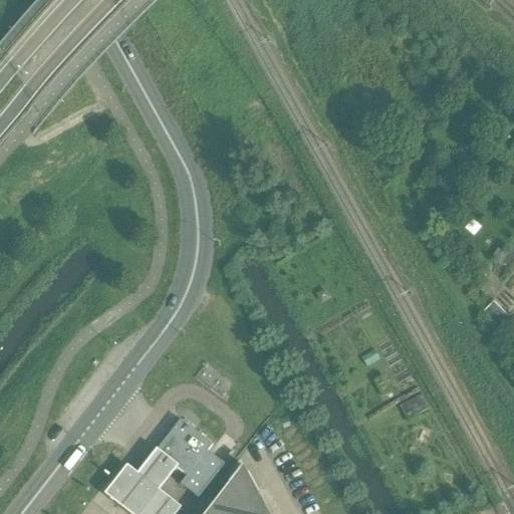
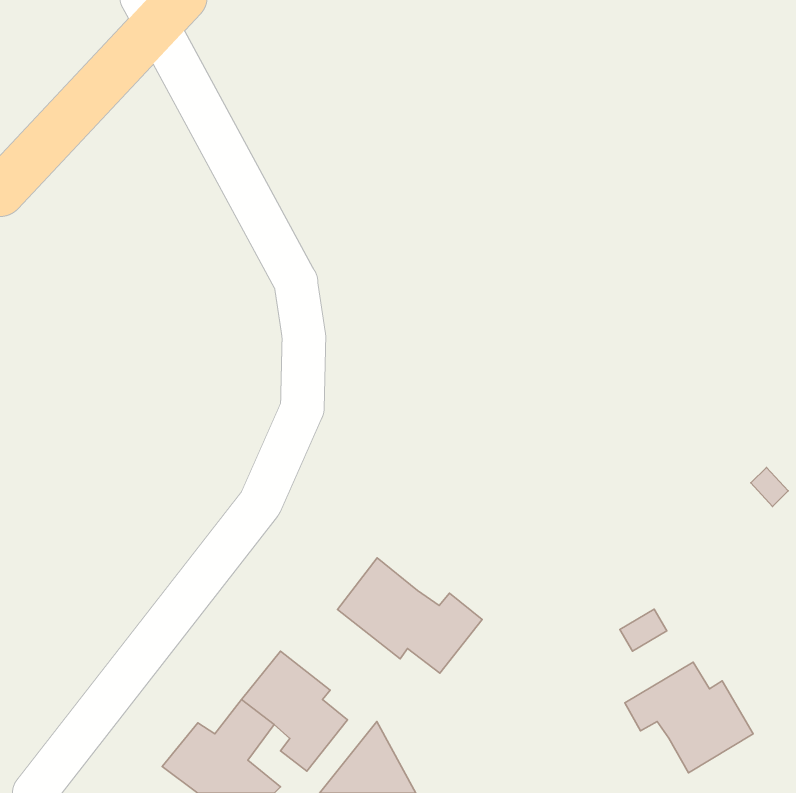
building: none -> [338,558,482,673]
building: none -> [625,662,753,773]

